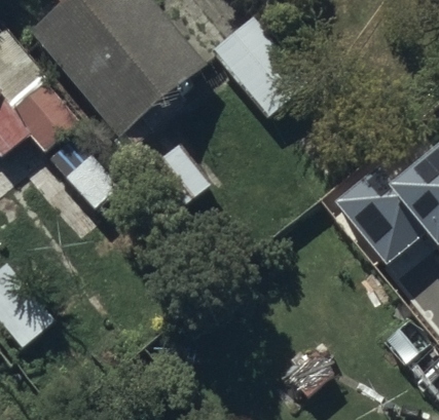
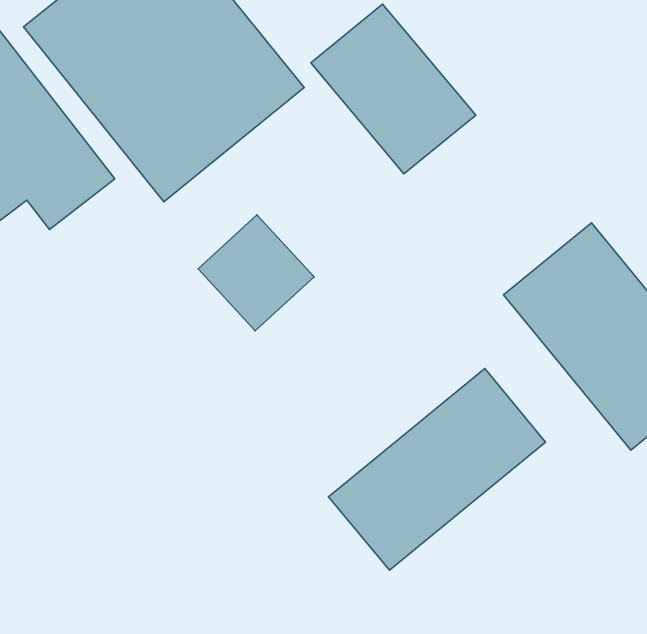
building: none -> [329,368,546,570]

